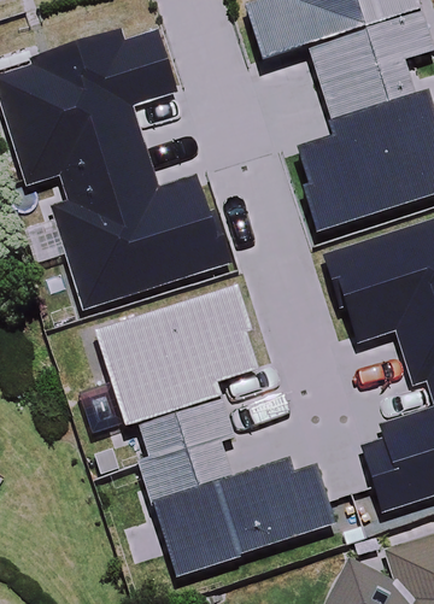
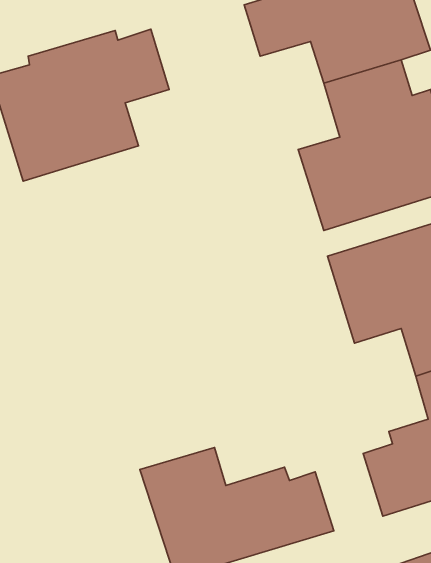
building: [53,145,221,306] -> none
building: [99,289,252,463] -> none

